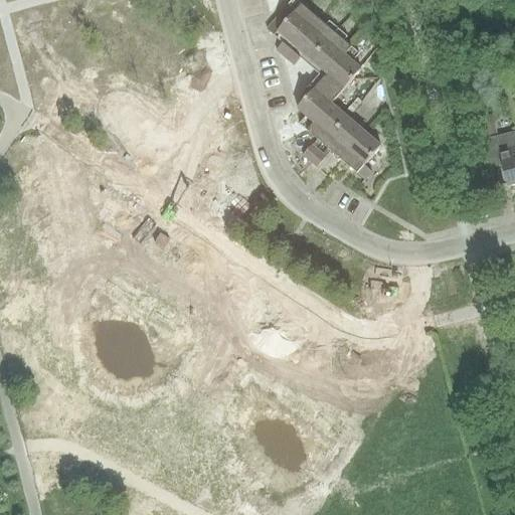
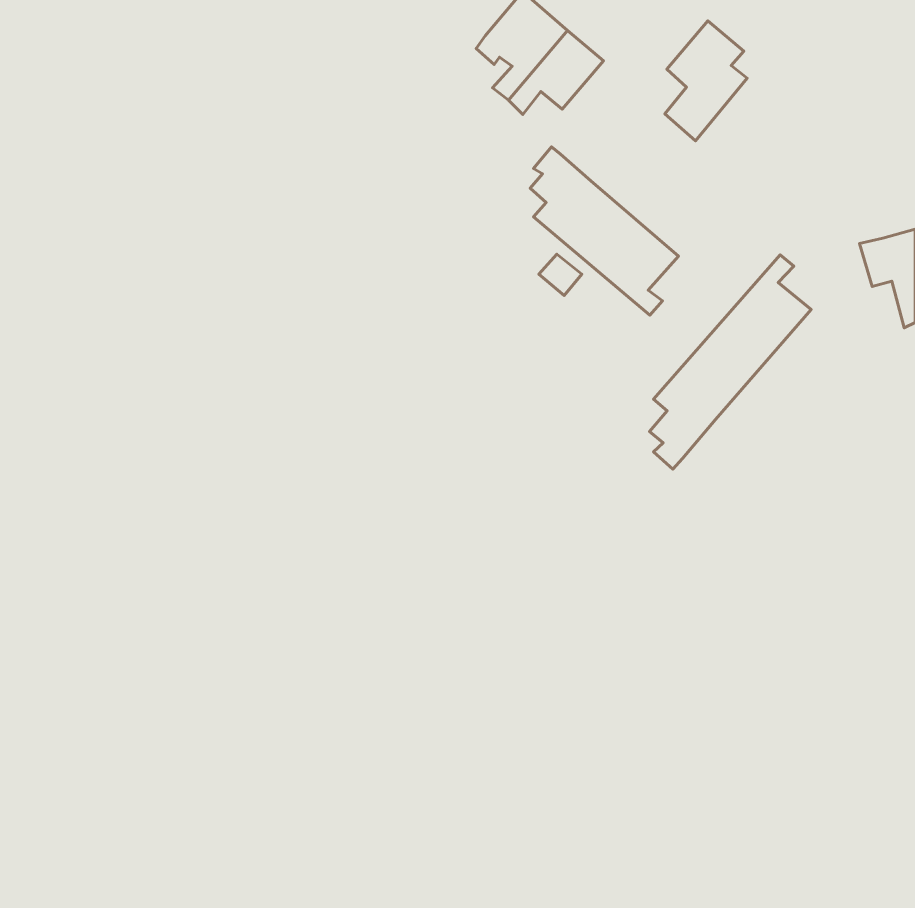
building: [315,34,361,102] -> [665,21,747,141]
building: none -> [650,255,811,469]

